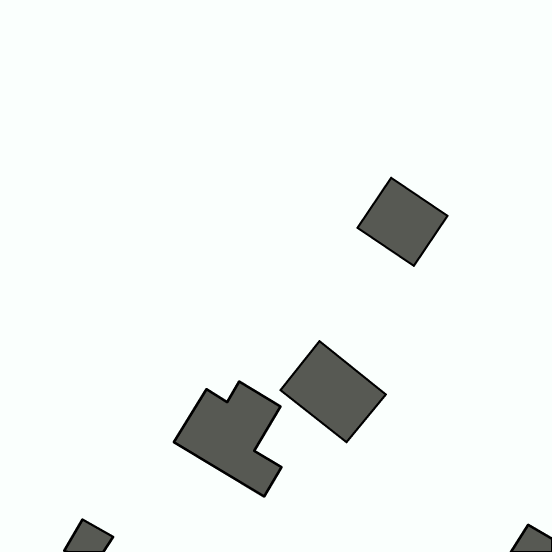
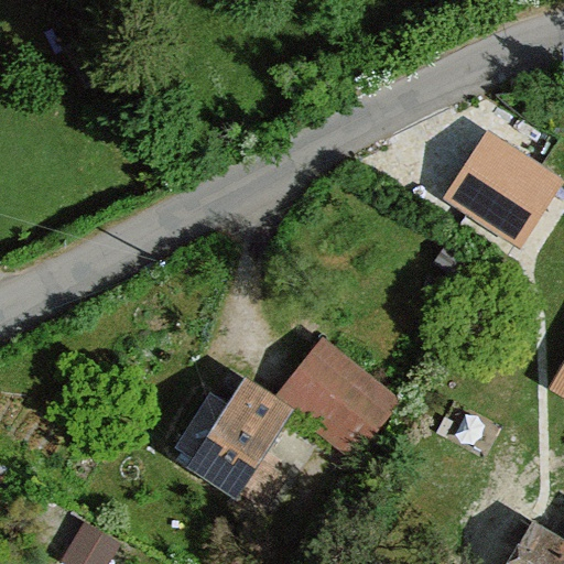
building: [357,178,448,266] -> [458,144,550,234]

